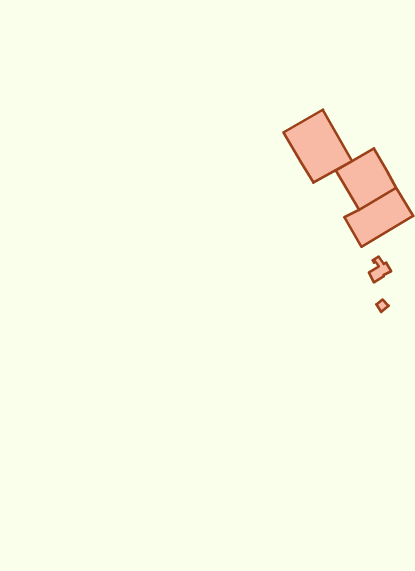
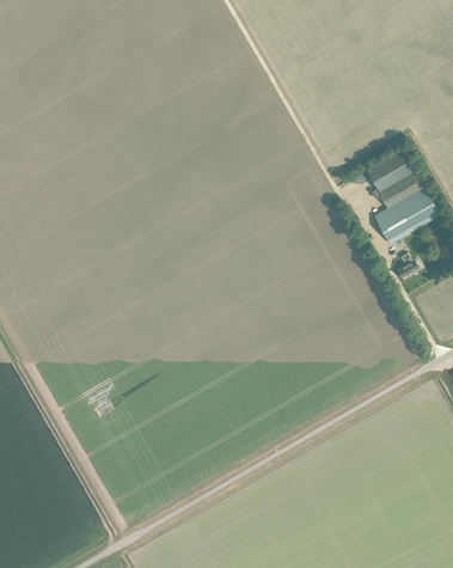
building: [284,110,352,183] -> none

